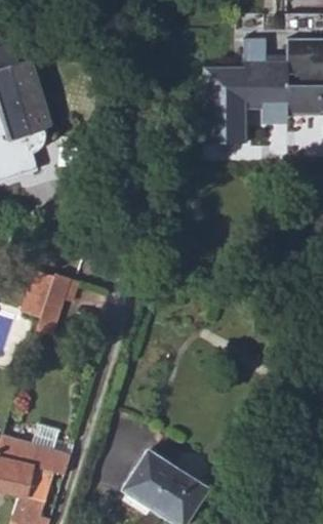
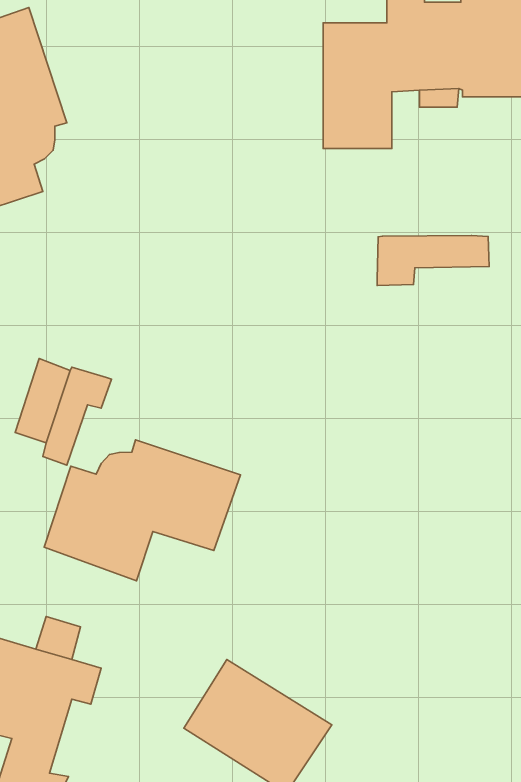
building: none -> [377,235,489,285]
building: none -> [44,440,241,581]

